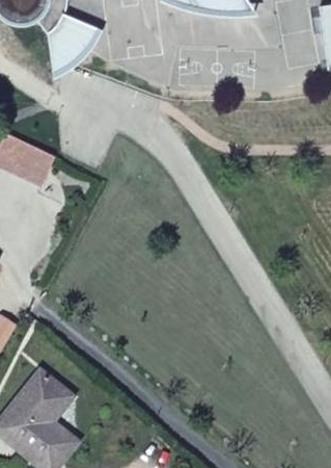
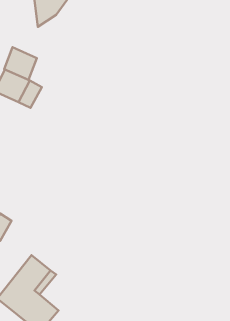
building: none -> [4,47,37,80]

